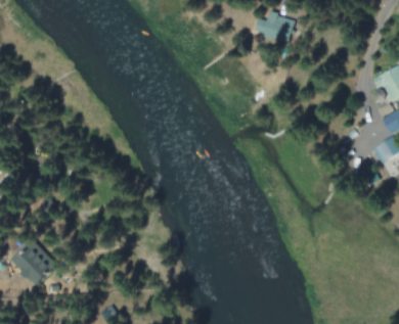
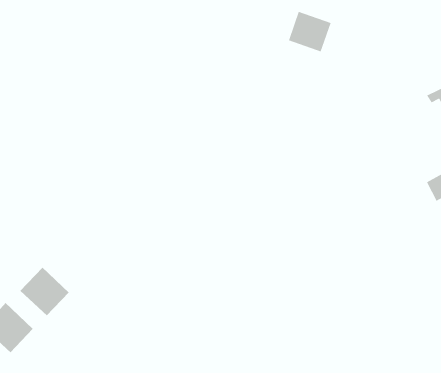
building: none -> [20,267,70,316]

